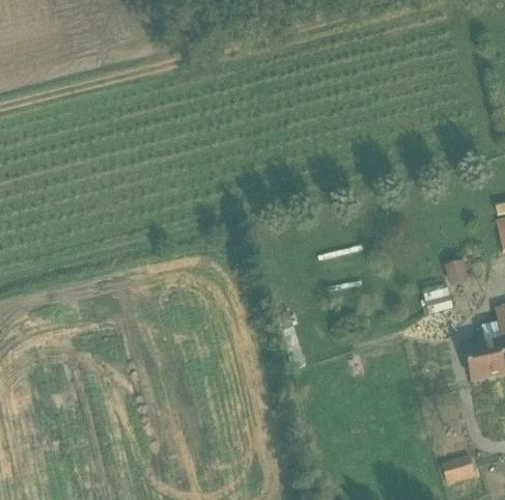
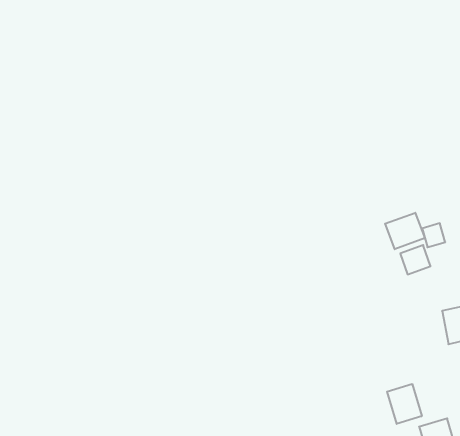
building: none -> [385,213,425,249]
building: none -> [387,384,422,424]

